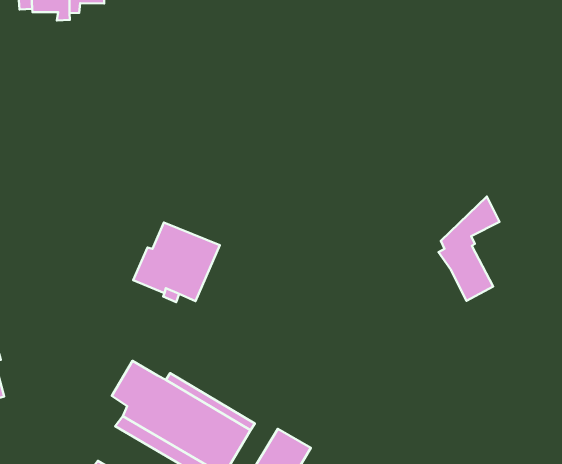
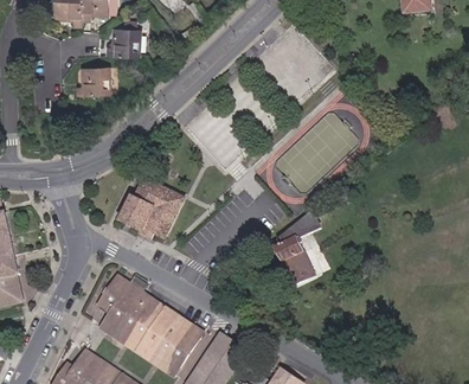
building: none -> [105,20,140,57]
building: none -> [76,66,110,95]
building: [438,197,499,301] -> [274,209,320,284]

